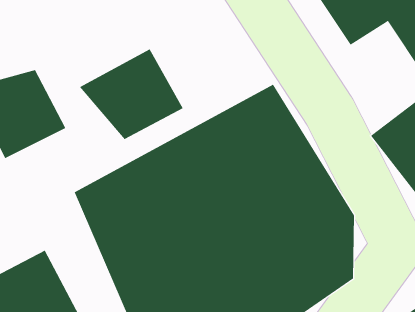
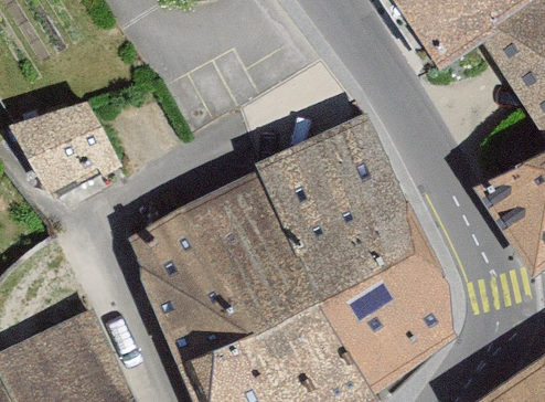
building: [79,49,183,140] -> none

